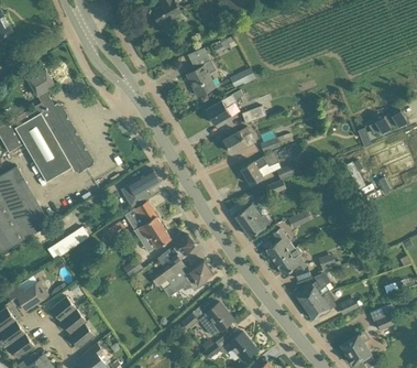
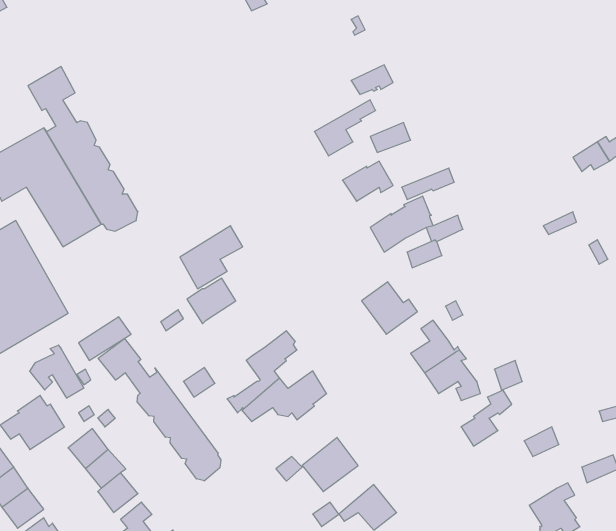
building: [186,47,216,96] -> none
building: [136,216,169,248] -> none
building: none -> [98,338,221,481]
building: none -> [30,345,84,398]
building: [305,291,336,320] -> none

